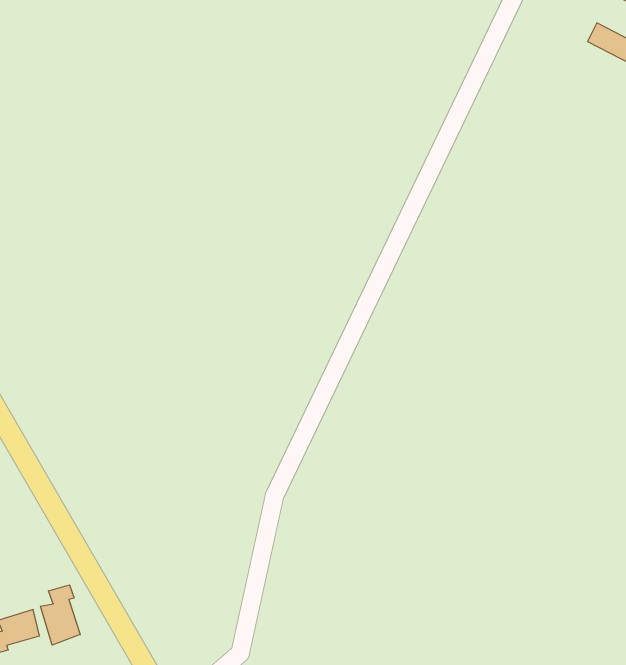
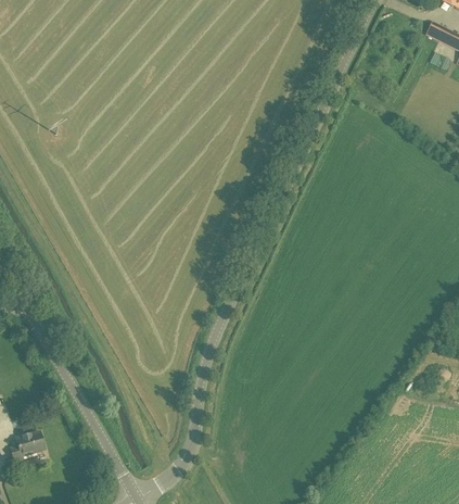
building: [40,585,80,645] -> none

